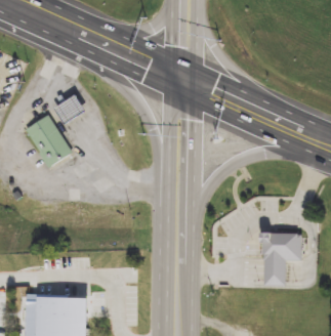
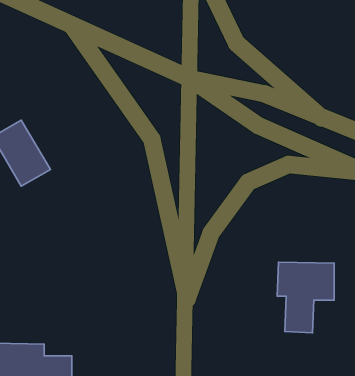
building: [56,95,84,123] -> none

